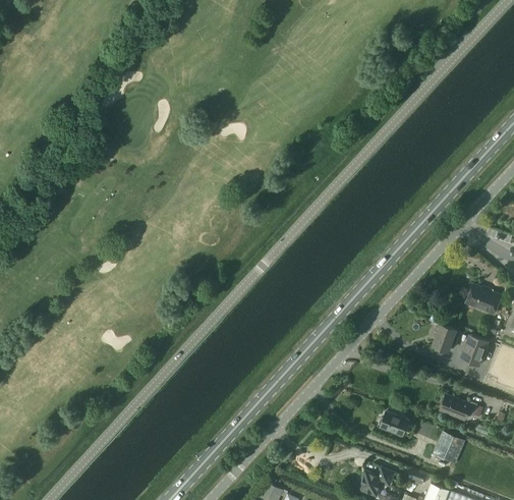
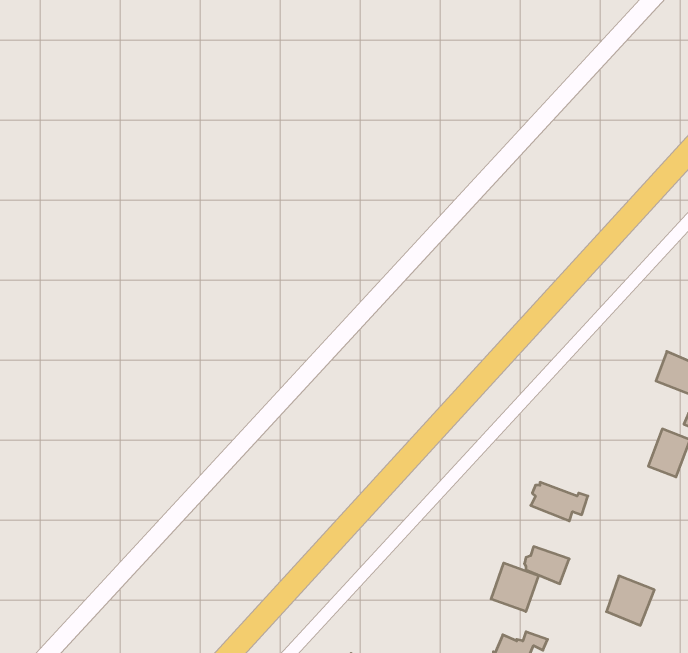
building: [434,324,459,351] -> none
building: [440,394,477,420] -> [531,482,588,521]
building: none -> [491,563,538,612]

